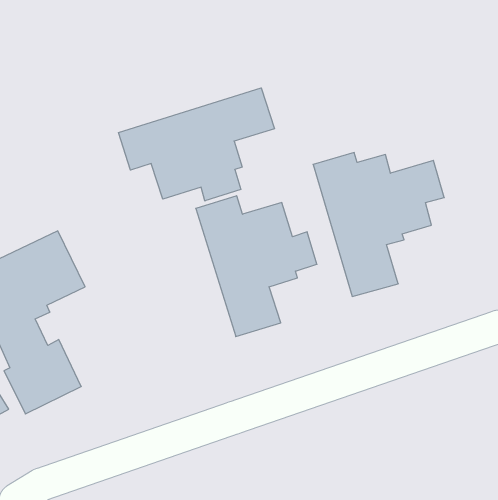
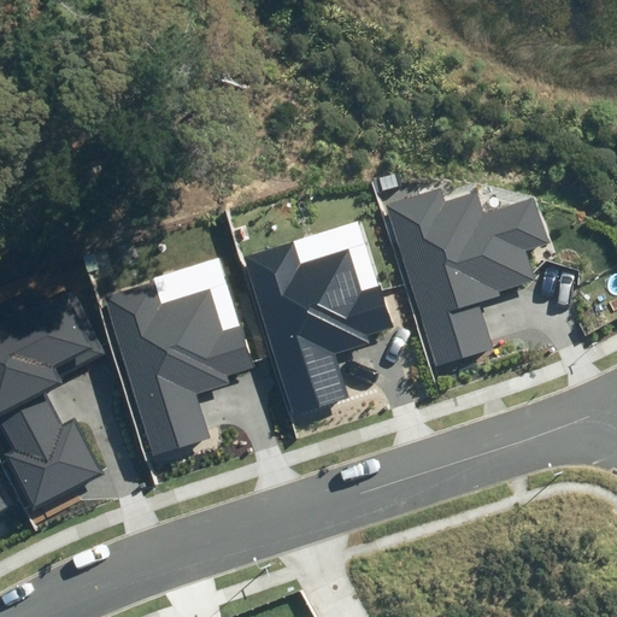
building: [119,88,275,201] -> none
building: none -> [104,257,251,456]

